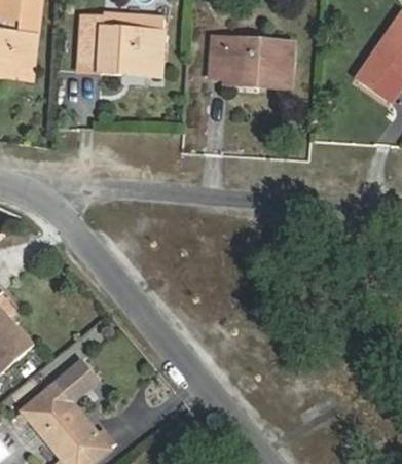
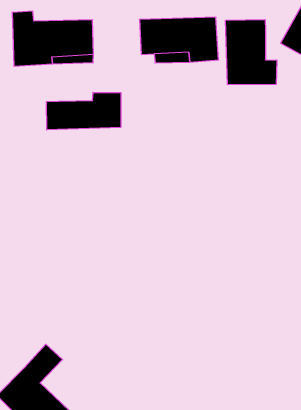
building: none -> [226,20,277,85]
building: none -> [47,92,121,130]

